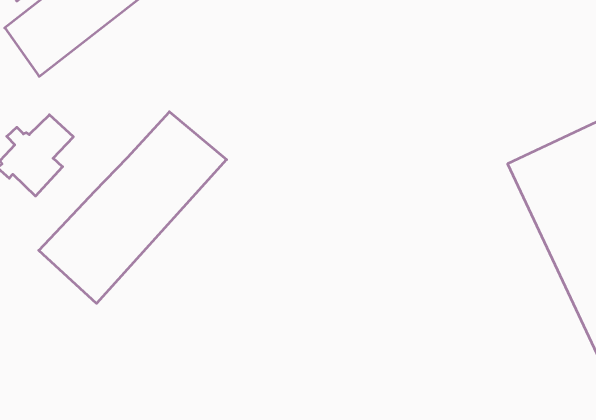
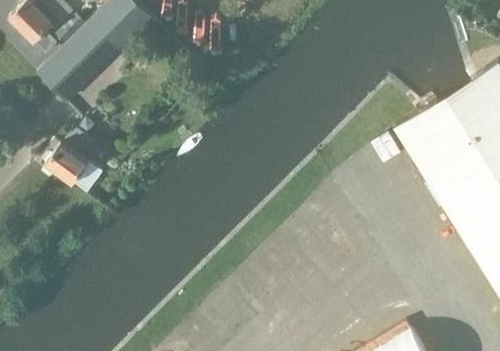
building: [39,112,227,303] -> none

